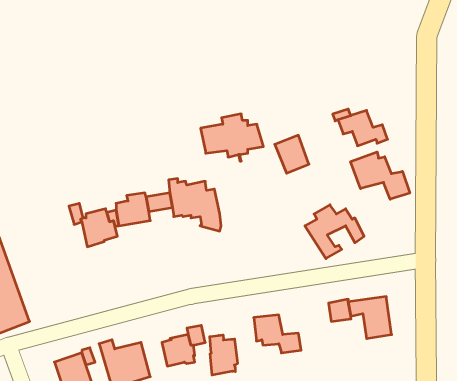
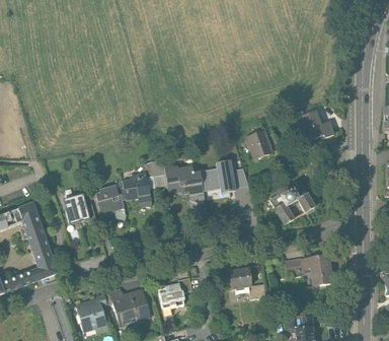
building: [201,114,263,161] -> [199,159,247,196]
building: [351,152,410,199] -> none
building: none -> [63,193,89,223]
building: [210,335,237,375] -> none

